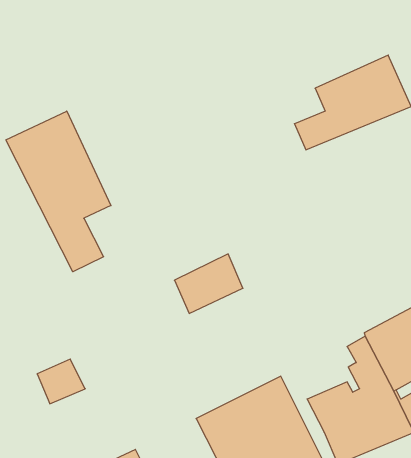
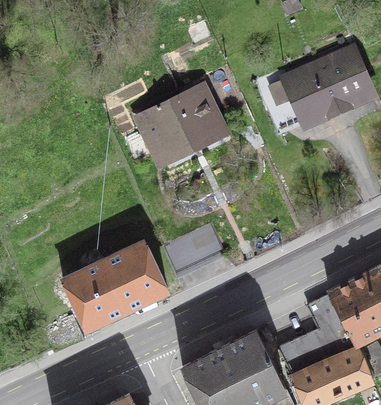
building: none -> [143,90,218,156]
building: [6,111,111,272] -> none
building: none -> [62,240,167,328]

